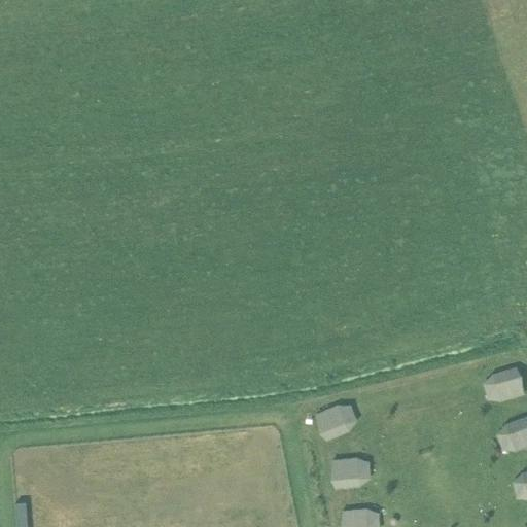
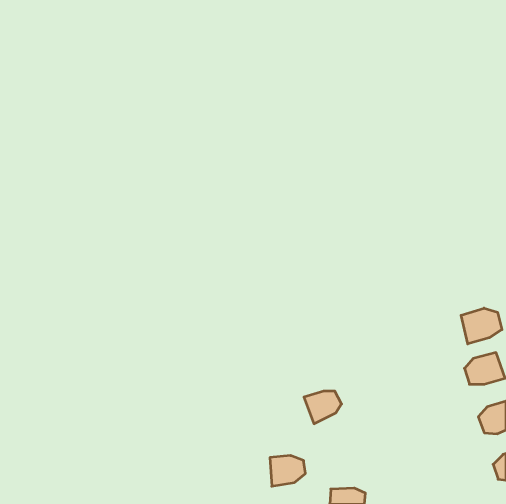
building: none -> [461,308,502,344]
building: [333,458,371,490] -> [270,456,305,486]

